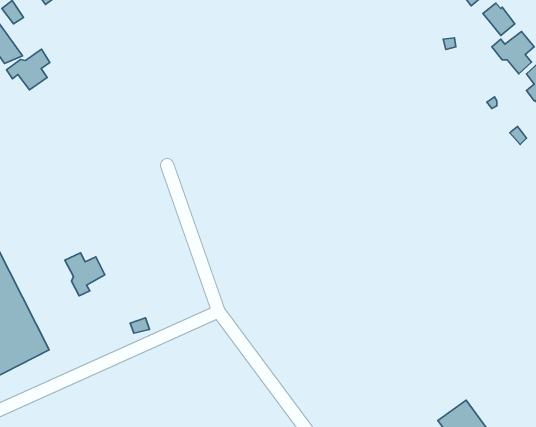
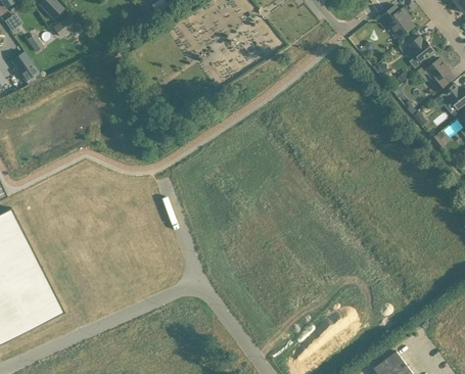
building: [6,49,50,90] -> none
building: [65,253,105,296] -> none

